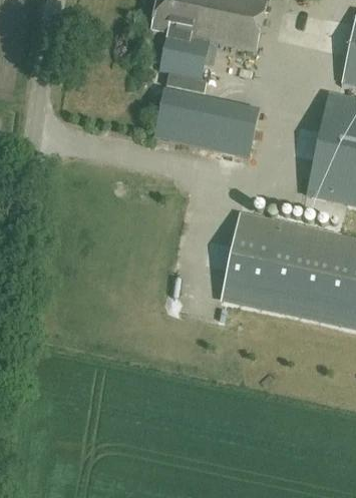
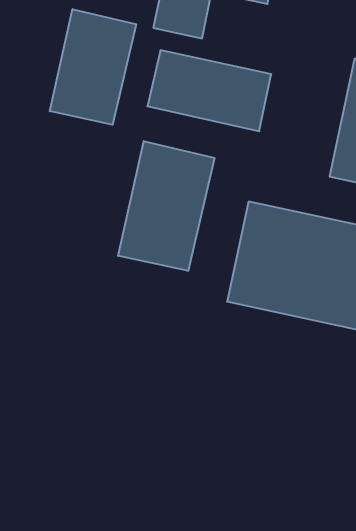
building: none -> [50,9,136,125]
building: none -> [118,141,214,271]

